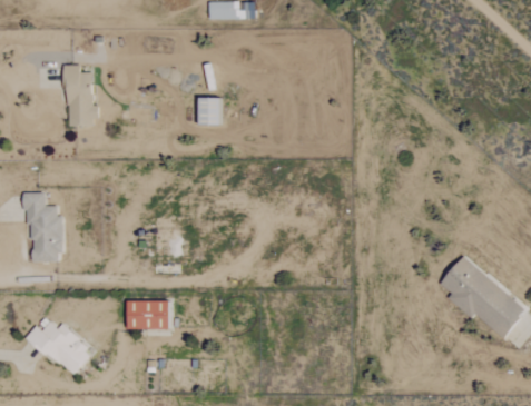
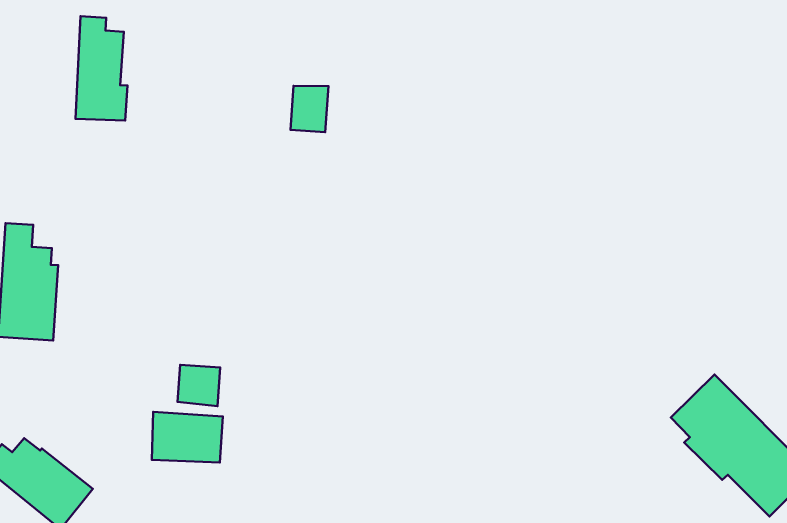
building: none -> [178,365,220,406]

